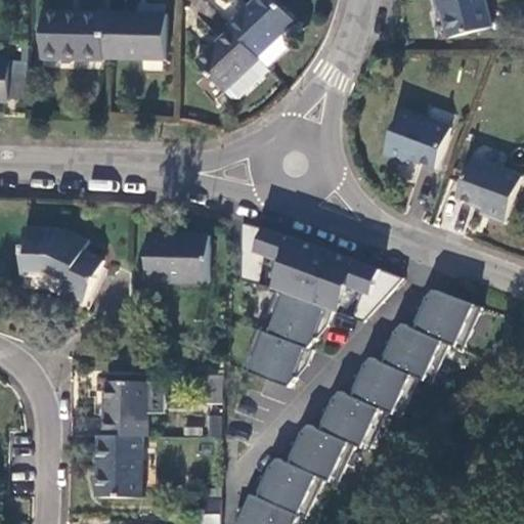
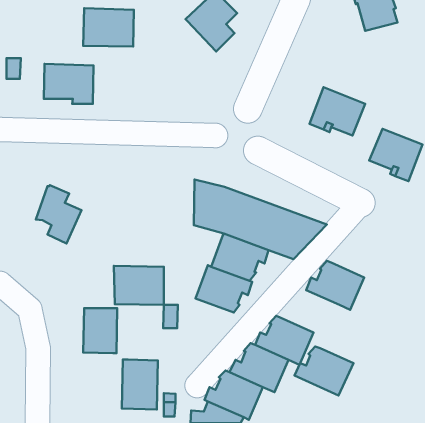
building: [42,8,103,57] -> [44,64,94,104]
building: [195,26,268,99] -> none
building: [19,229,58,270] -> none
building: [145,233,207,281] -> [114,266,164,305]
building: [407,288,481,348] -> none
building: [345,355,418,416] -> [294,347,353,396]
building: [95,434,139,495] -> [122,360,158,409]

